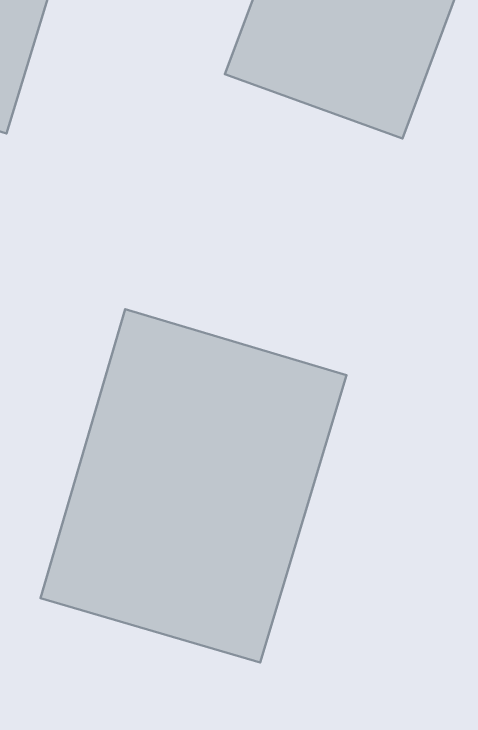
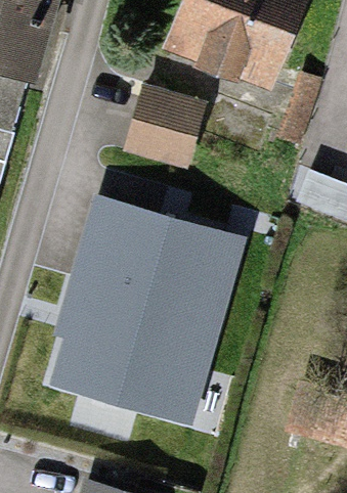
building: none -> [130,86,202,159]

